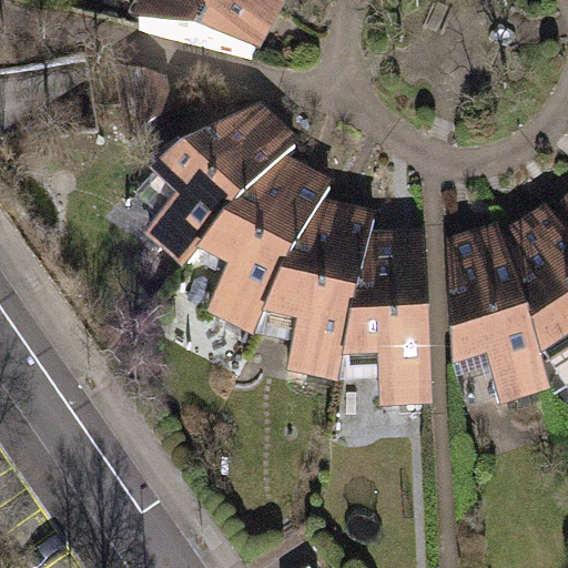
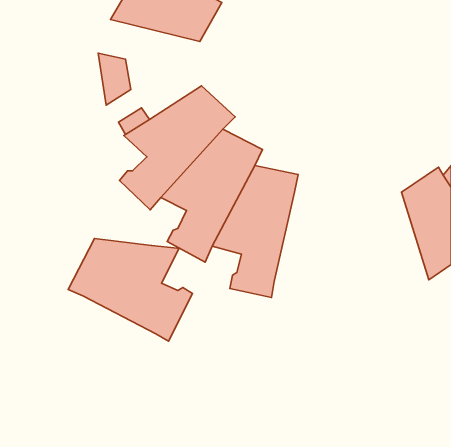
building: [446,231,548,396] -> none
building: [344,237,433,397] -> none
building: none -> [68,238,193,341]

